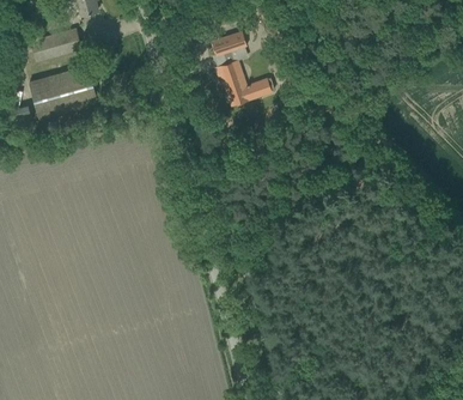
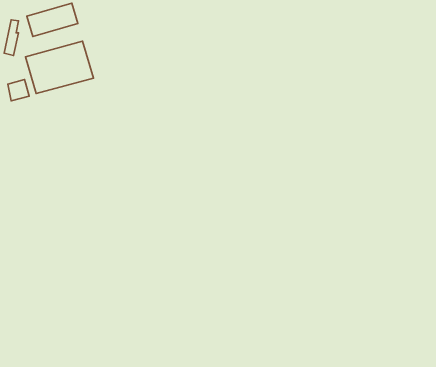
building: [212,29,272,104] -> none

